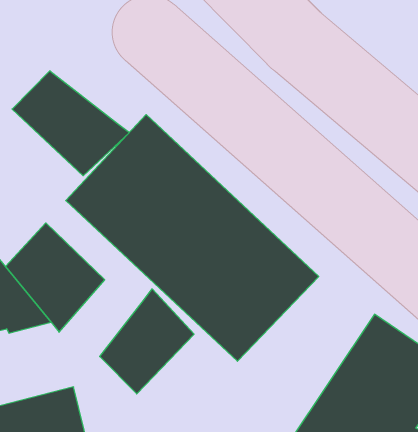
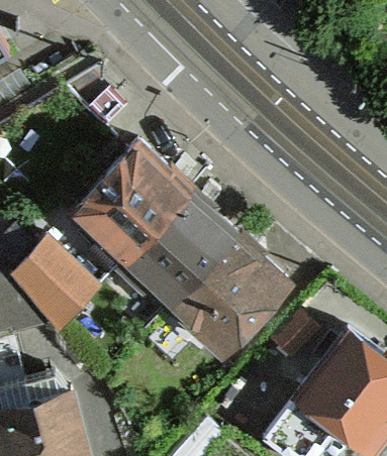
building: [12,71,129,176] -> none
building: [100,289,194,394] -> none

